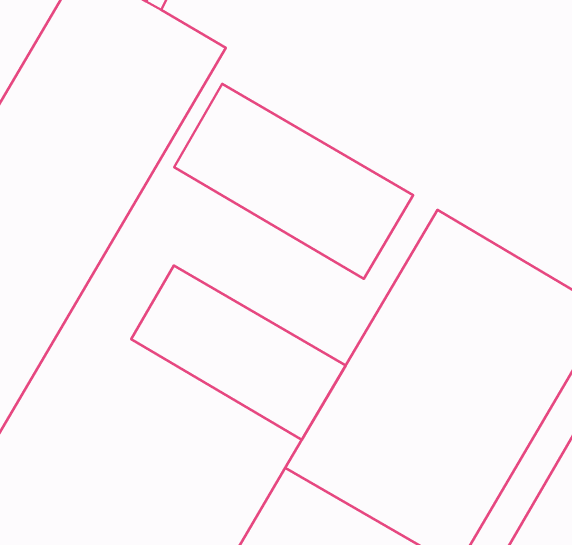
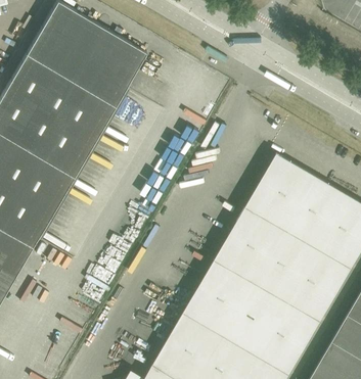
building: [174,84,413,279] -> none
building: [131,265,346,440] -> none

